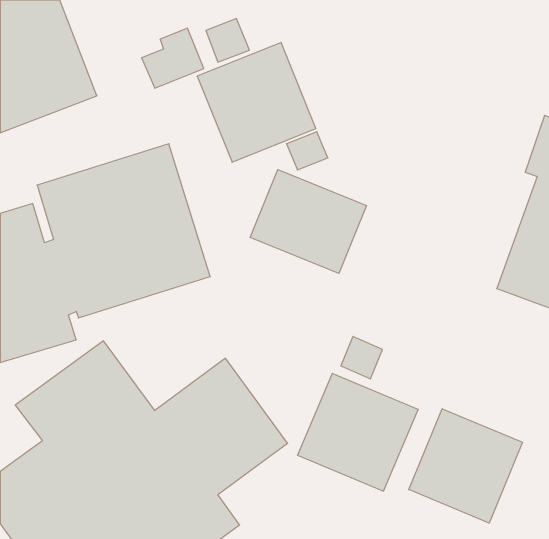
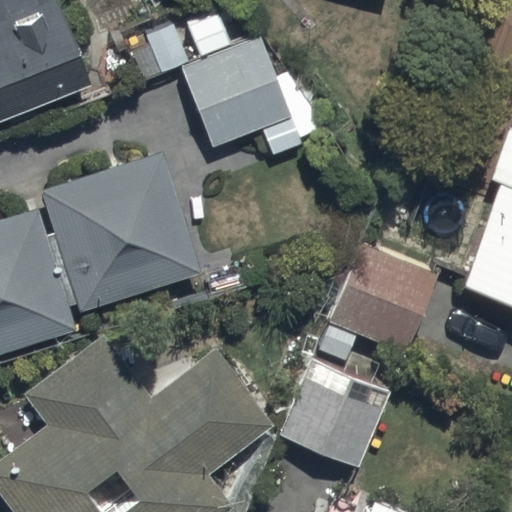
building: [250,170,366,273] -> none
building: none -> [331,245,438,352]
building: [409,409,523,523] -> none

